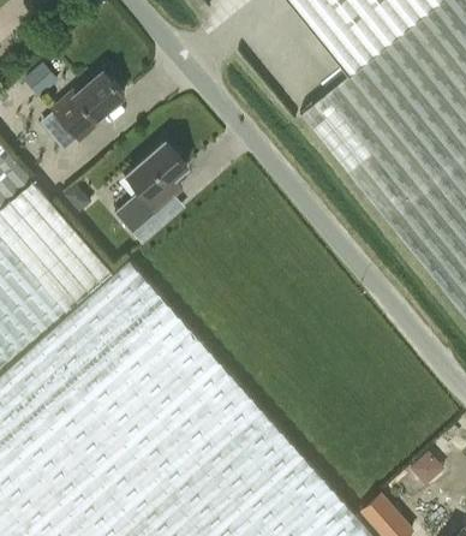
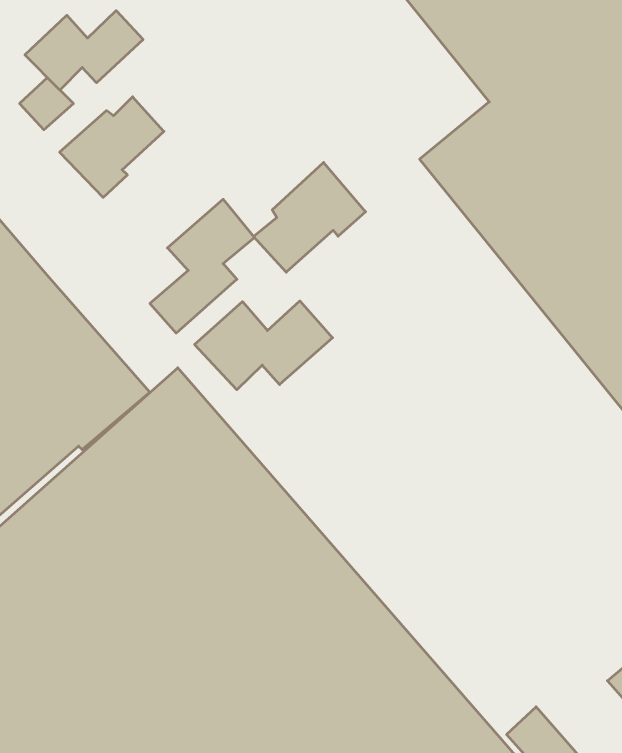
building: none -> [25,11,143,90]
building: none -> [254,162,366,272]
building: none -> [195,301,333,390]

